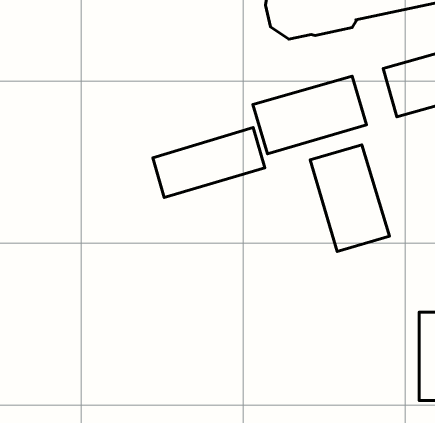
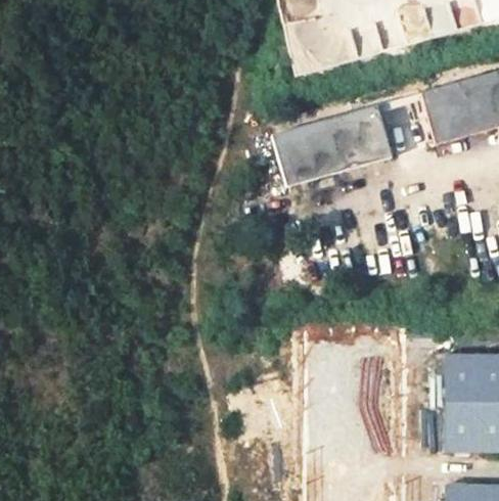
building: [153,128,265,198] -> none
building: [310,145,390,251] -> none

